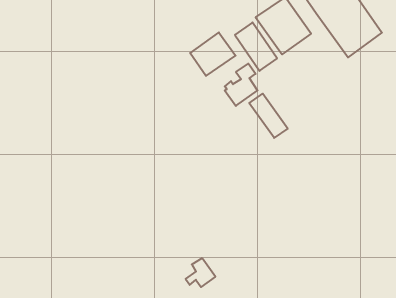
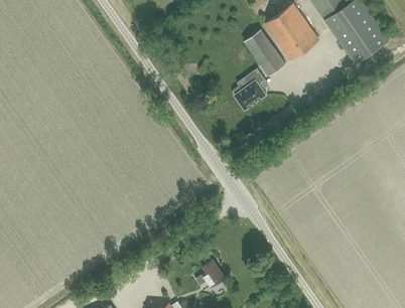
building: [190,32,236,76] -> none
building: [249,94,288,138] -> none

